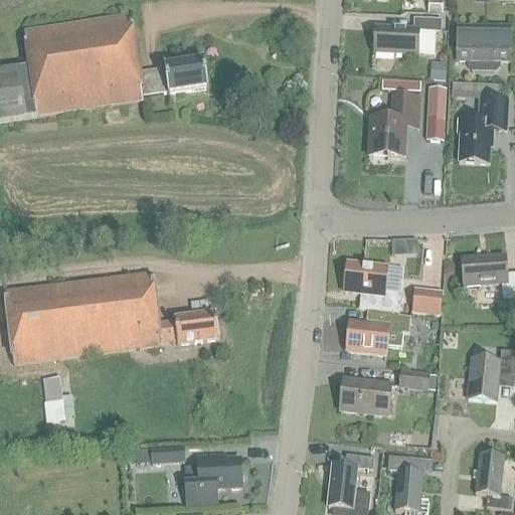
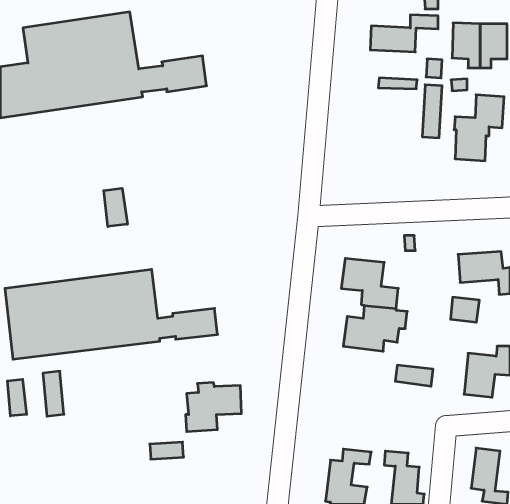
building: [369,93,419,157] -> none
building: none -> [104,188,127,227]
building: [411,290,441,315] -> [451,297,479,322]
building: [340,377,391,414] -> none
building: none -> [7,379,27,416]
building: [185,455,241,504] -> [186,383,241,432]

